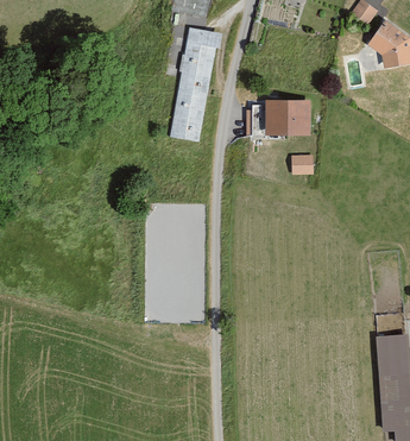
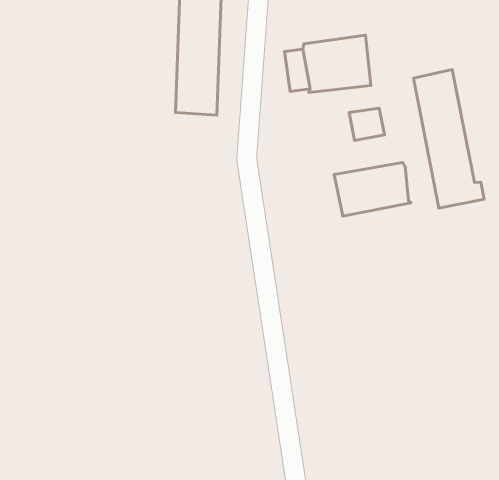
building: none -> [414,69,484,208]
building: none -> [334,162,411,216]

